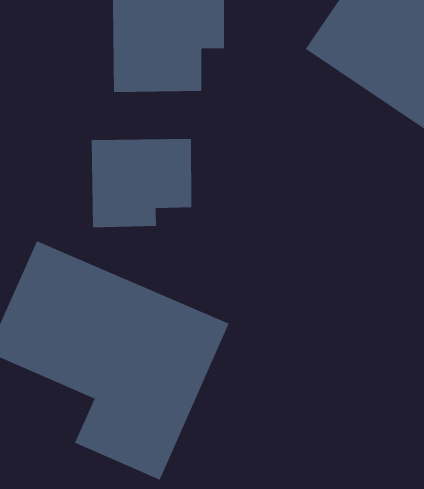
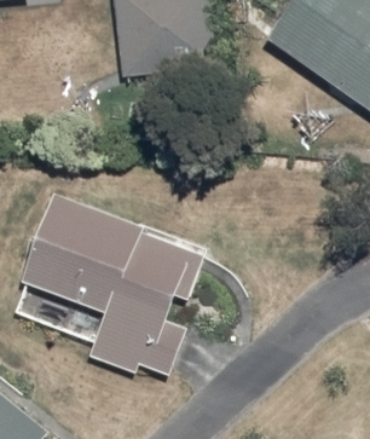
building: [91,138,192,228] -> none

